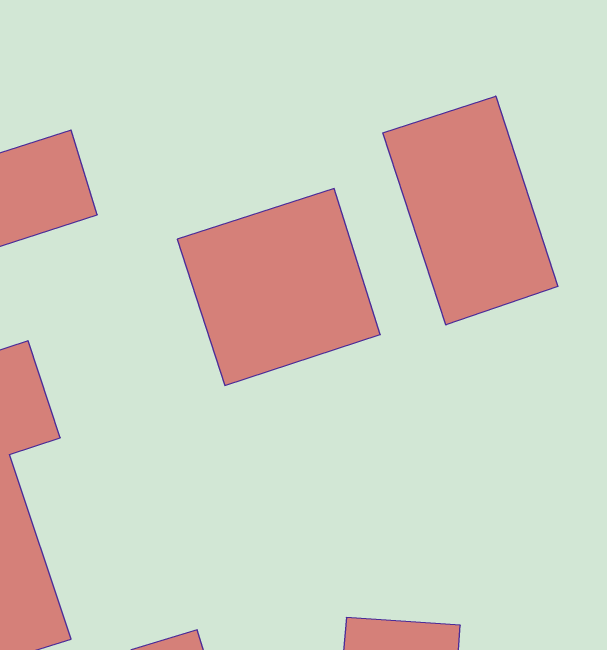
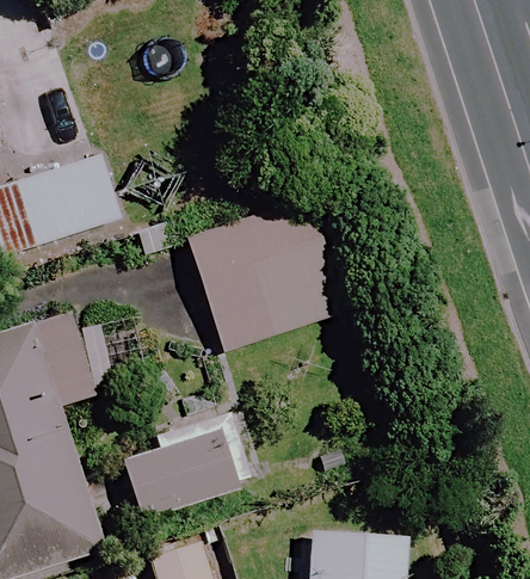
building: [383,96,558,325] -> none
building: none -> [127,432,236,518]

